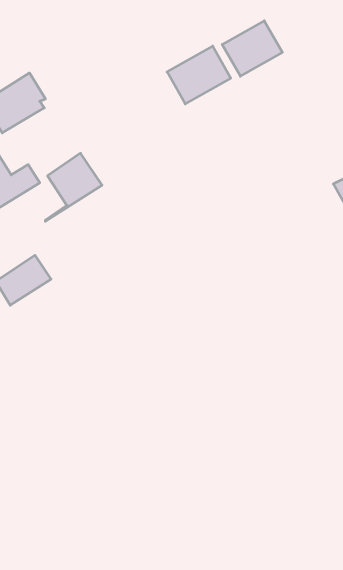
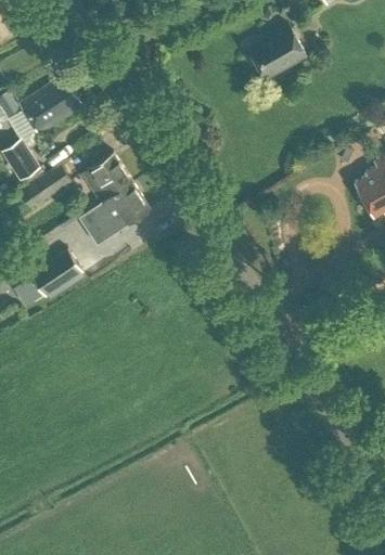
building: [167,46,231,104] -> none
building: none -> [79,184,151,245]

